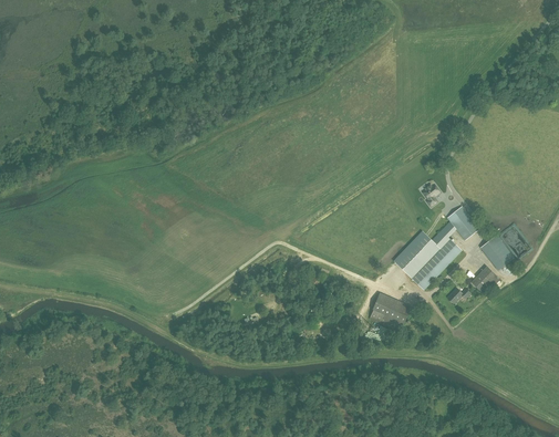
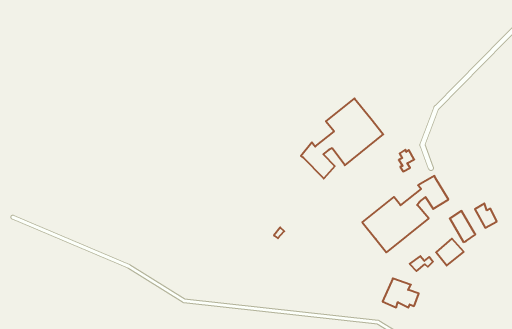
building: none -> [301,98,383,179]
building: [371,292,406,321] -> [383,278,419,308]

